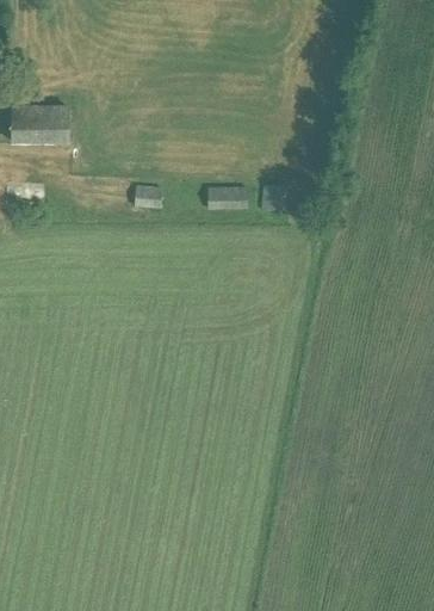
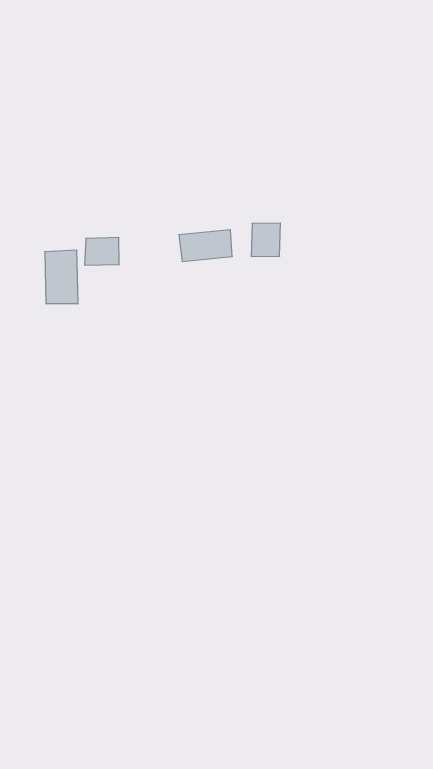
building: none -> [45,250,78,304]

